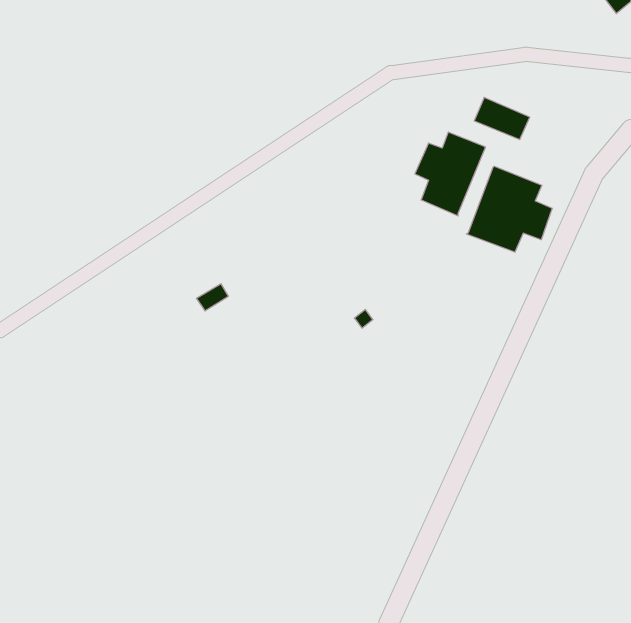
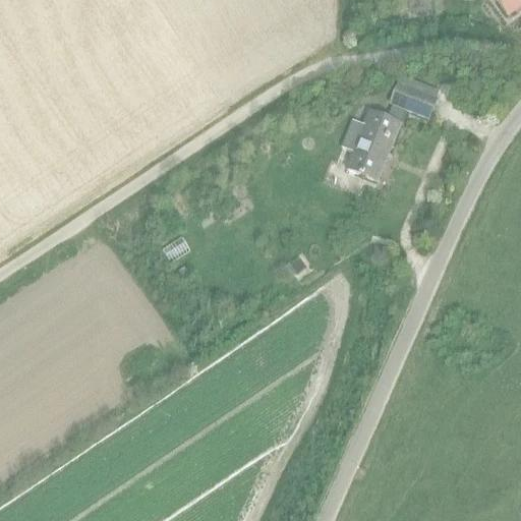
building: [466,166,552,252] -> none

